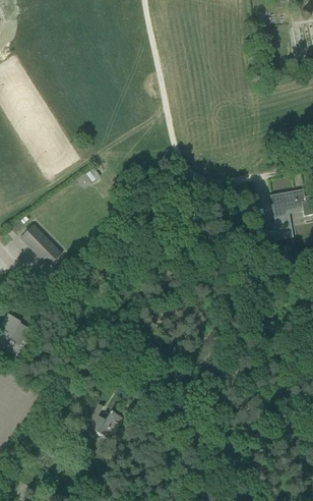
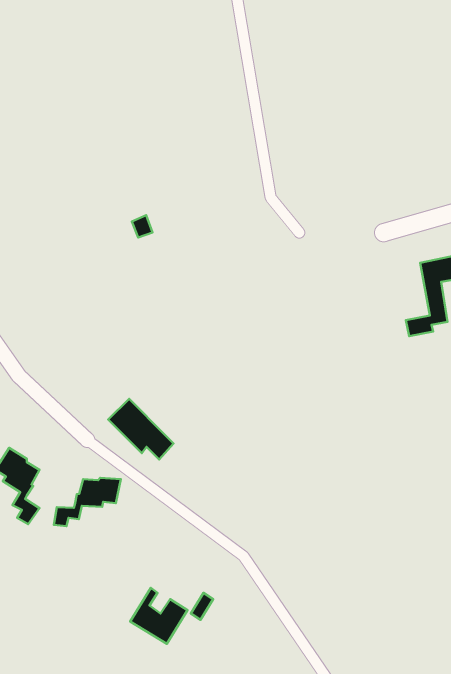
building: [19,224,61,263] -> [108,399,174,459]
building: none -> [54,478,121,526]

